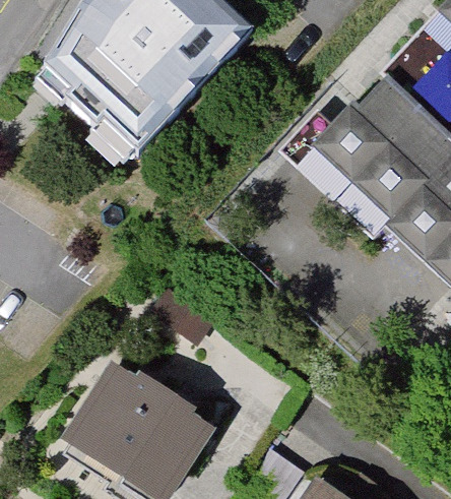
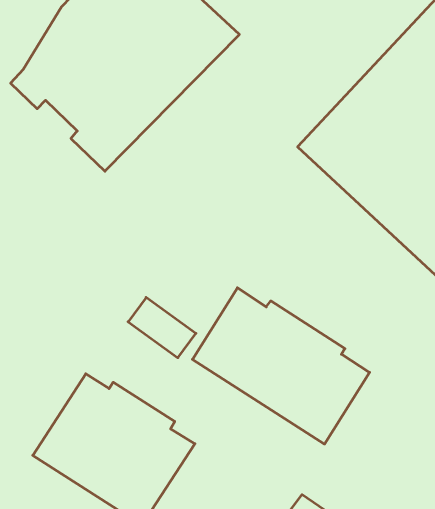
building: none -> [192,288,370,444]

